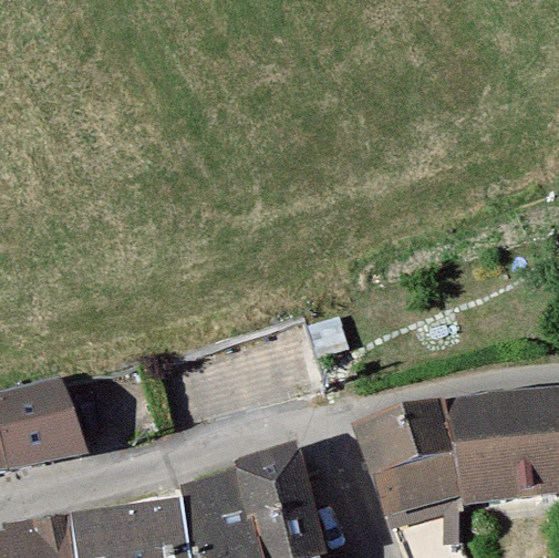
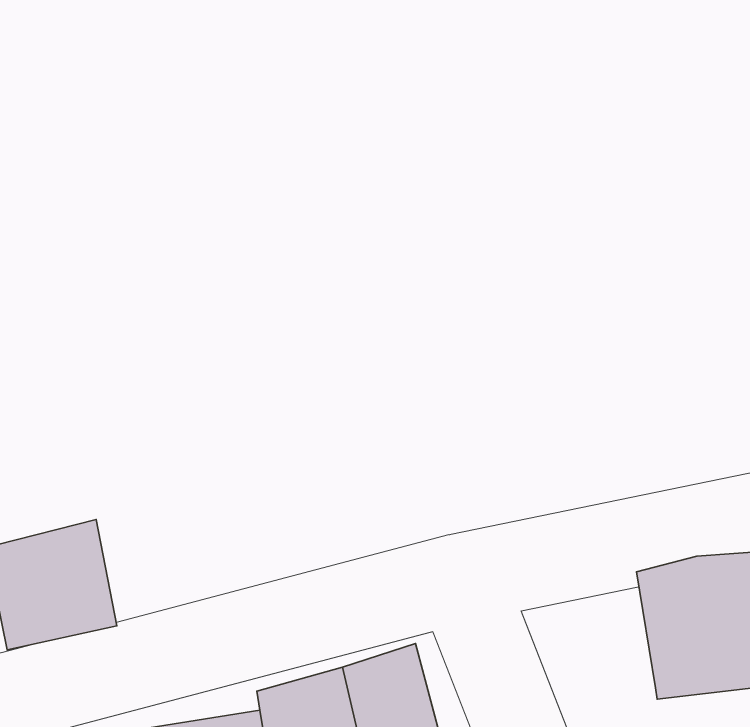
building: [363,414,459,514] -> none

